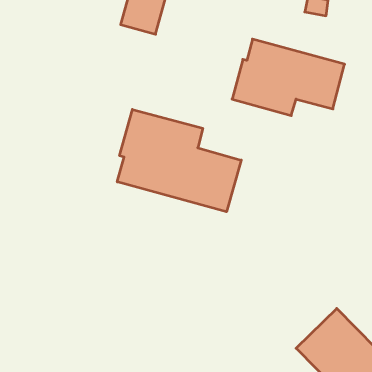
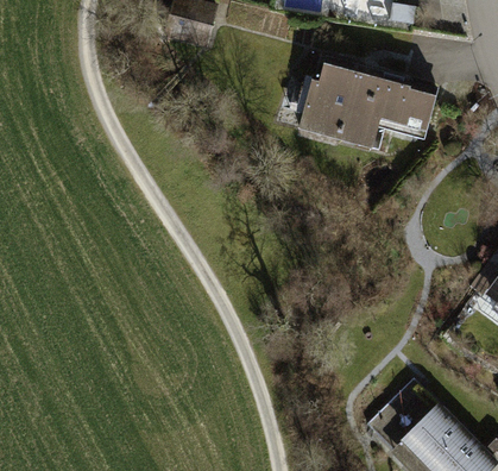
building: [117,109,241,212] -> none

